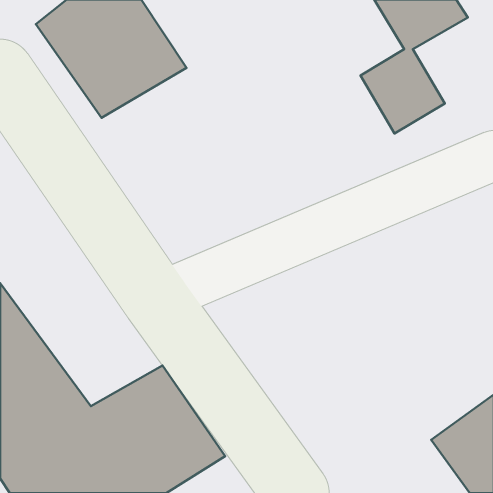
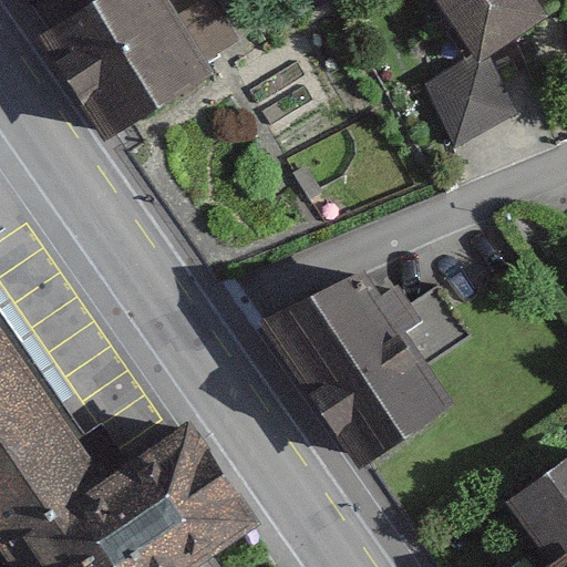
building: none -> [279,276,451,458]

